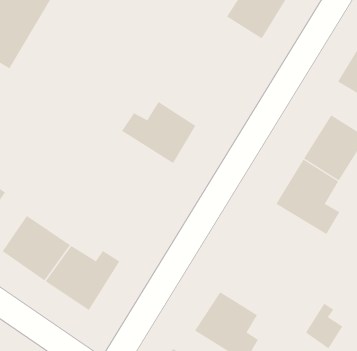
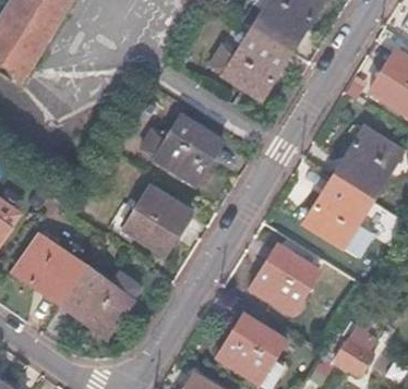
building: none -> [208,25,289,97]
building: none -> [122,187,190,253]
building: none -> [252,245,317,313]

